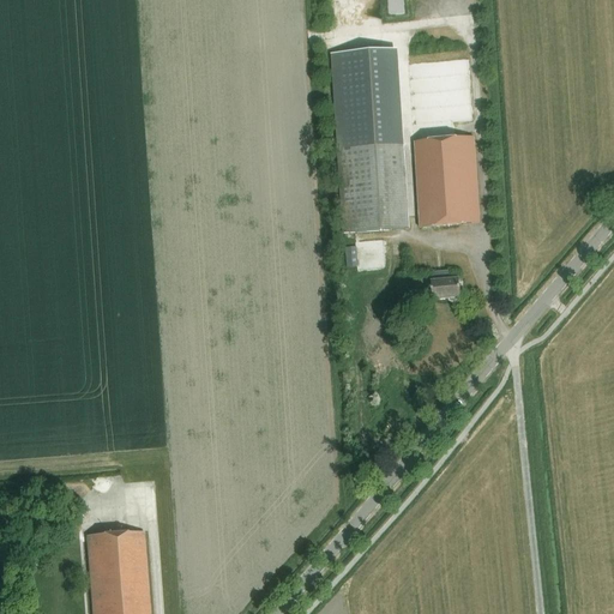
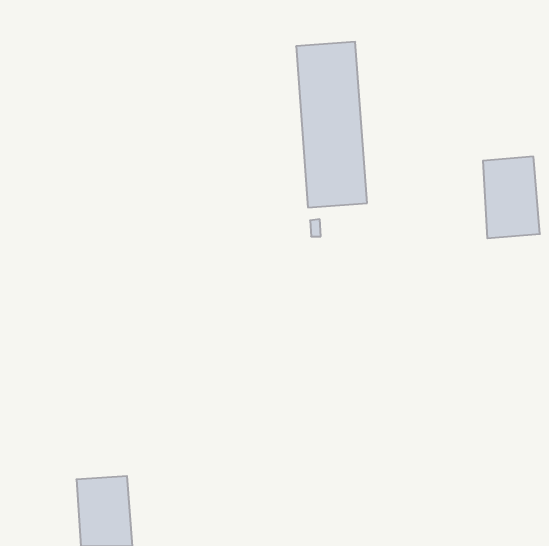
building: [415,136,478,227] -> [483,157,540,238]
building: [432,270,460,297] -> none

